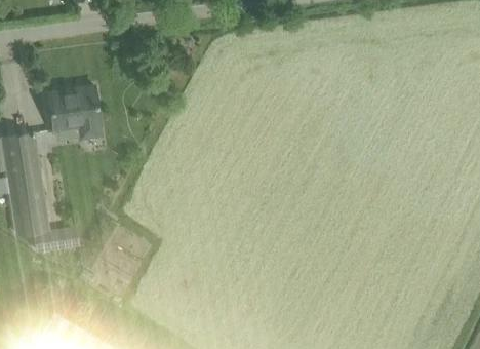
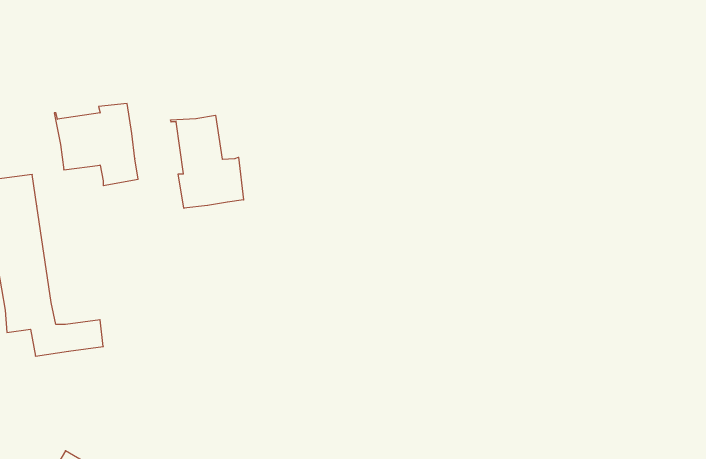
building: none -> [171,115,244,208]

